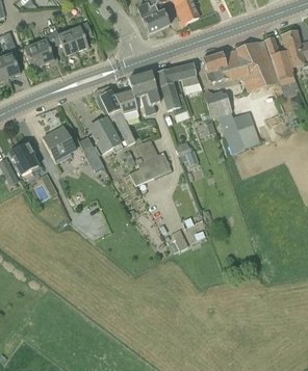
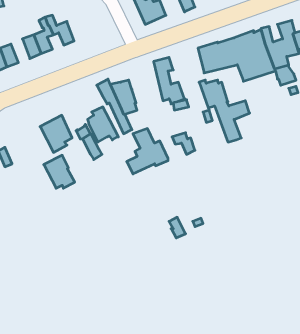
building: [69,21,93,51] -> none
building: [172,62,199,86] -> none
building: [128,72,159,115] -> none
building: [8,141,40,175] -> [44,155,75,188]

